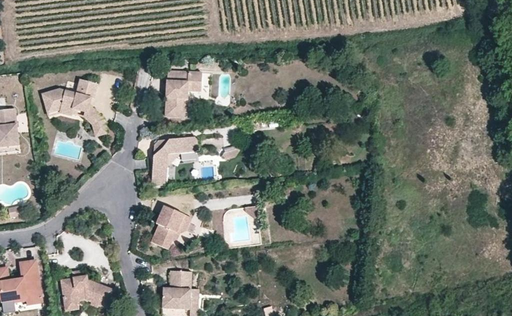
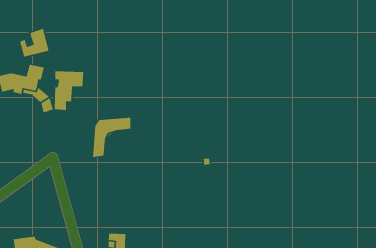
building: none -> [19,28,50,58]
building: [165,71,200,117] -> [54,71,84,111]
building: [151,206,191,251] -> none

